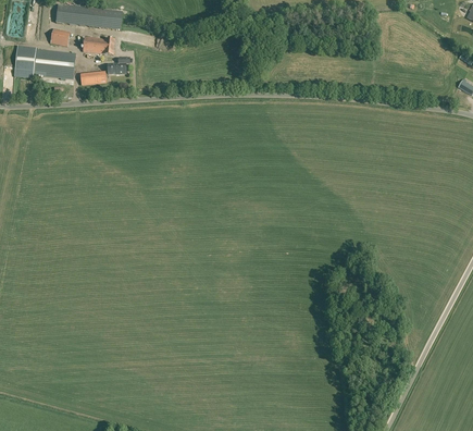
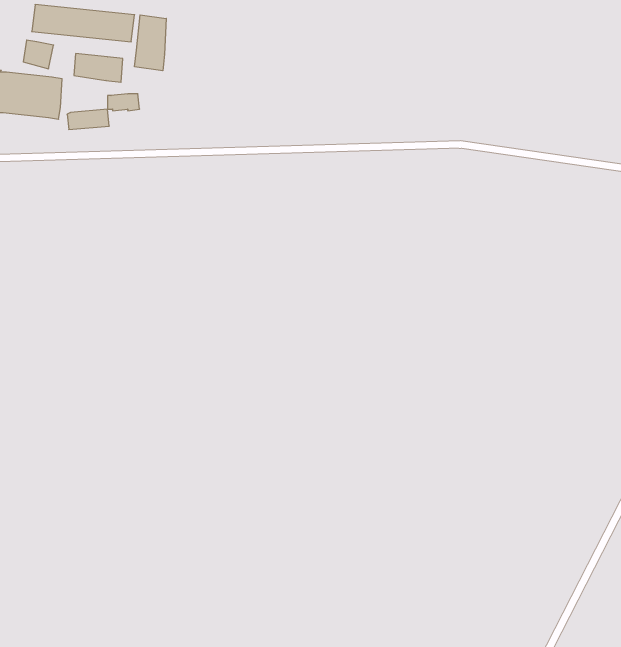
building: none -> [135,15,166,71]

